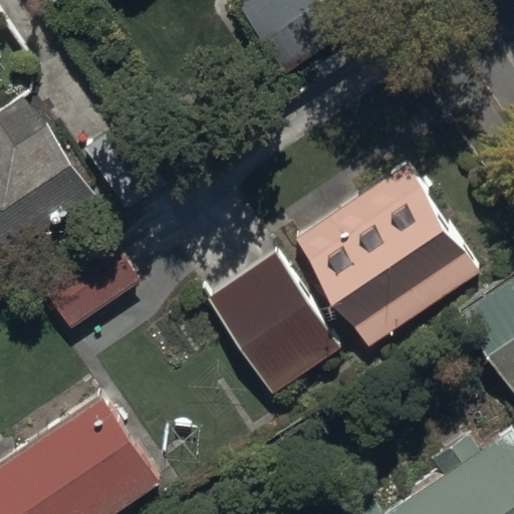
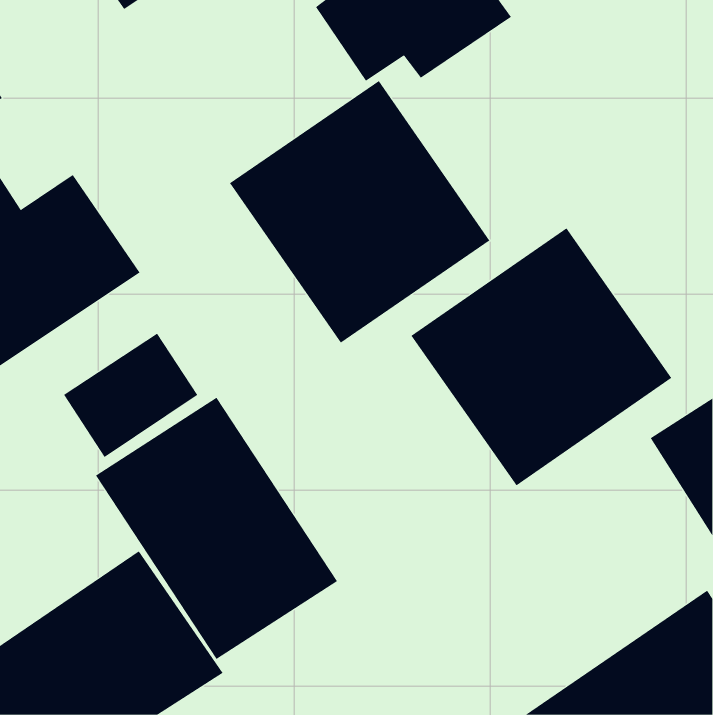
building: none -> [229,80,490,343]
building: [205,256,336,395] -> none
building: none -> [95,397,338,660]

